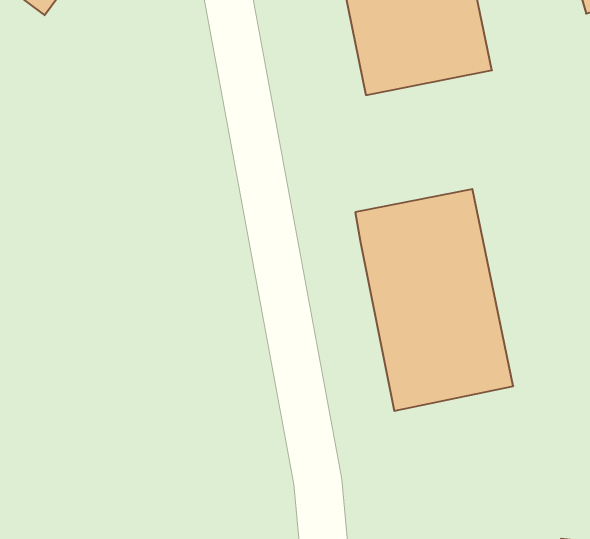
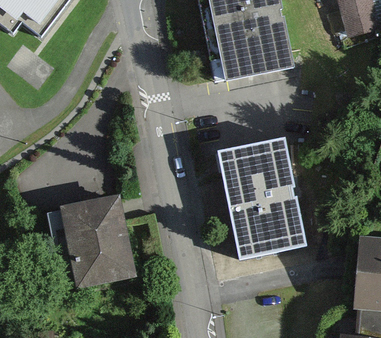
building: none -> [61,192,137,289]

